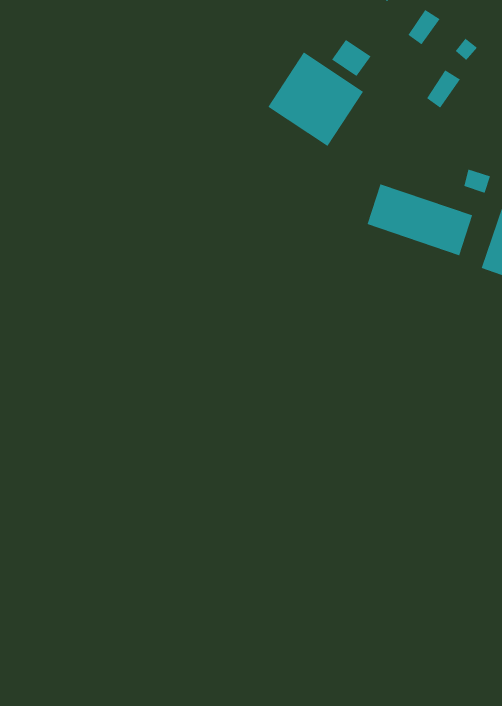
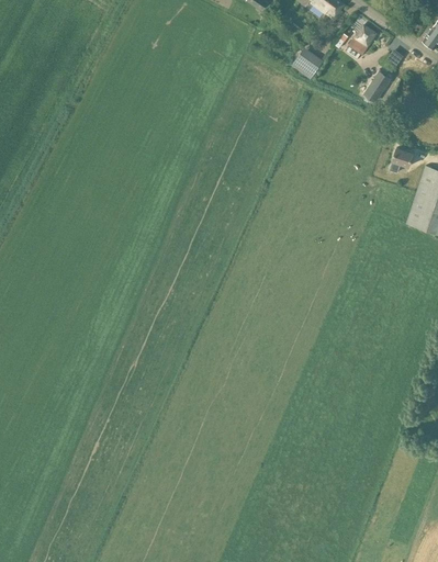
building: [267,51,364,147] -> none
building: [367,183,473,256] -> none

